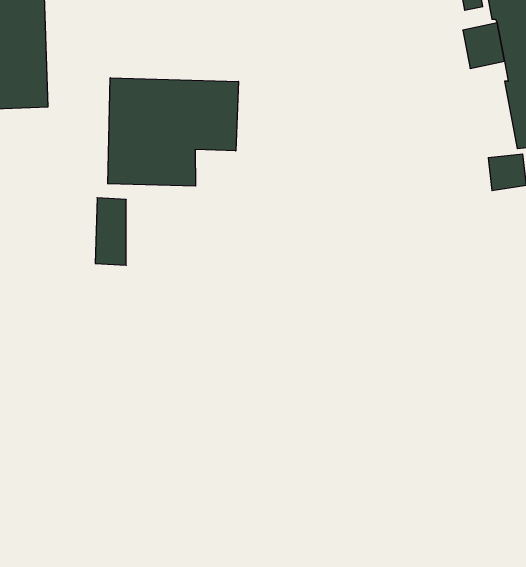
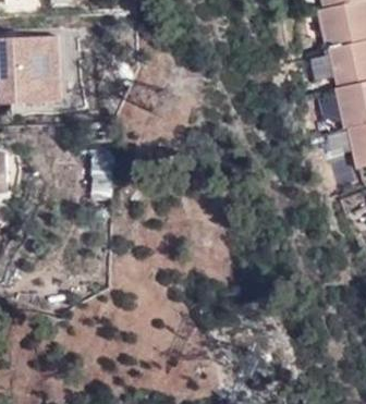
building: [108,78,238,186] -> none

